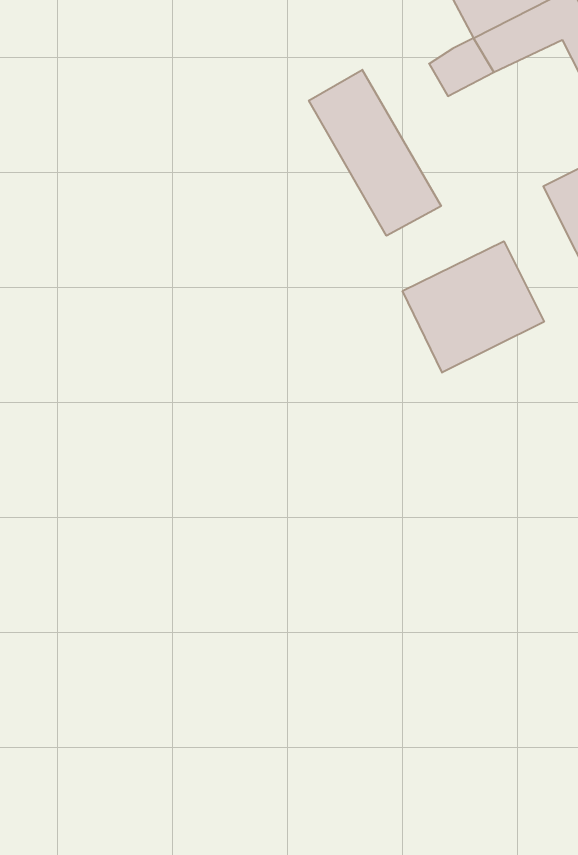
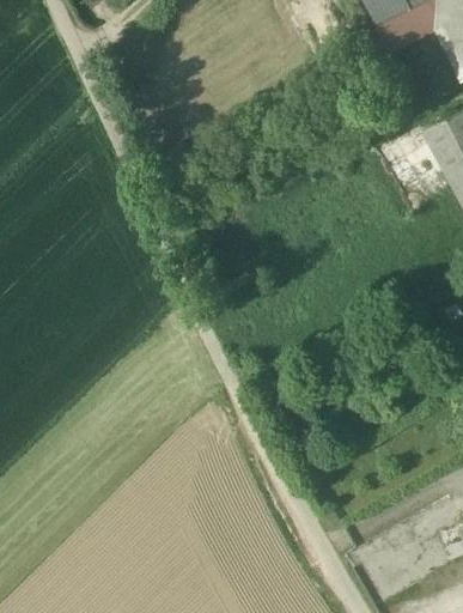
building: [309,70,441,236] -> none
building: [403,241,544,373] -> none

